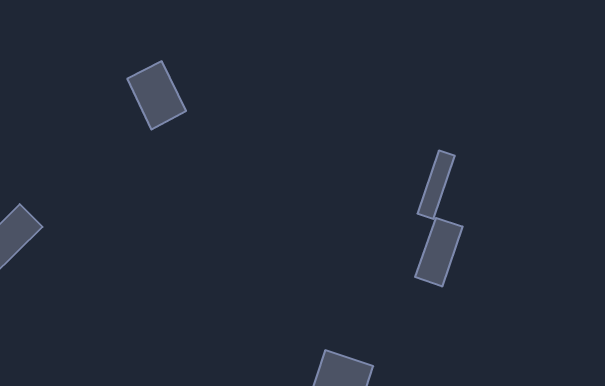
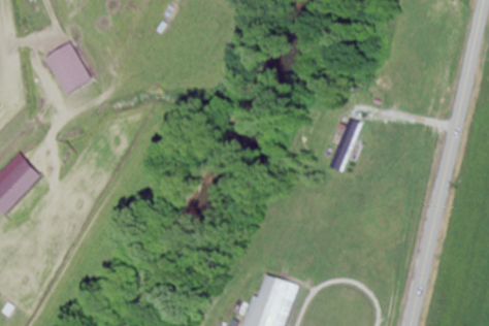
building: [127,61,186,130] -> [46,42,92,95]
building: [415,218,463,287] -> none

